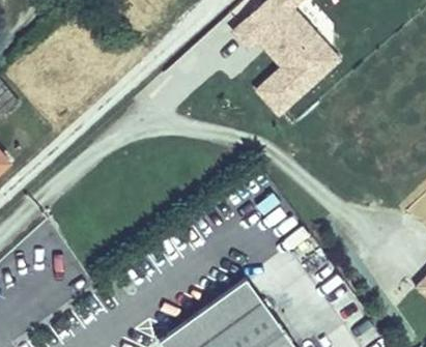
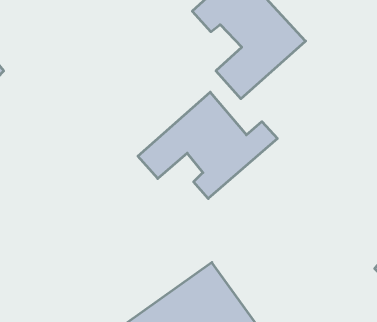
building: none -> [138,92,277,199]

